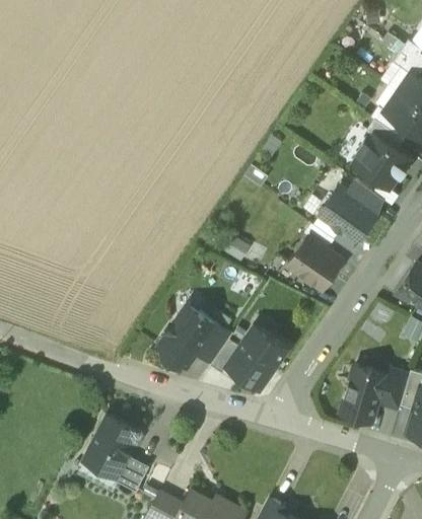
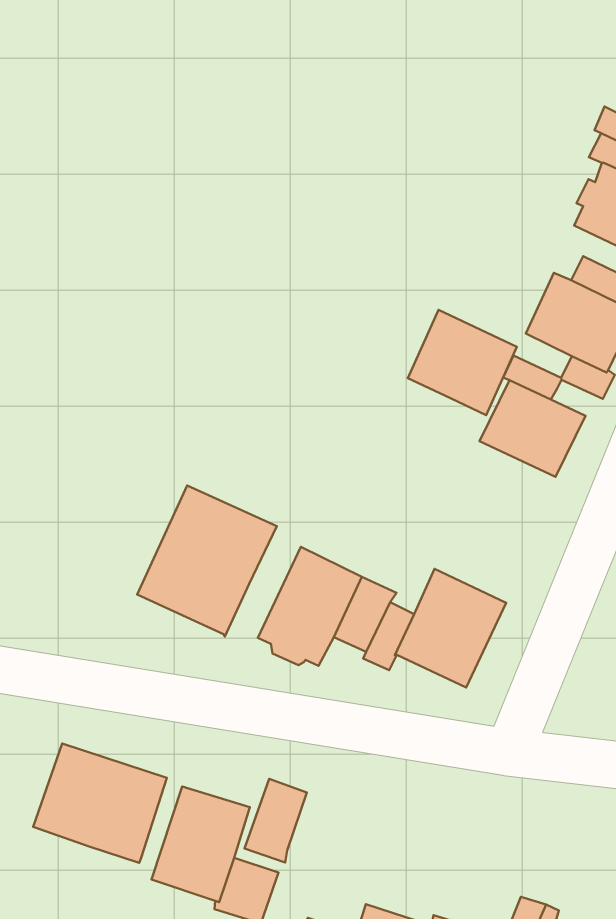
building: none -> [408,310,517,415]
building: none -> [137,486,277,636]
building: none -> [33,743,167,863]
building: none -> [245,779,307,863]

